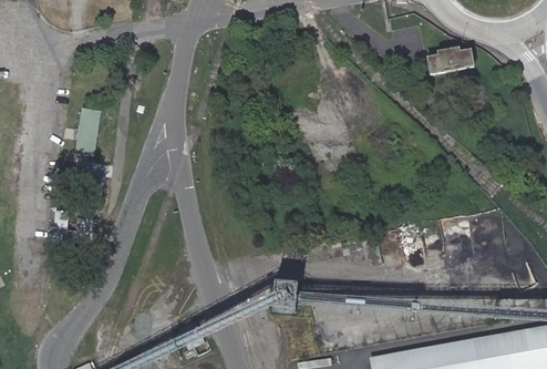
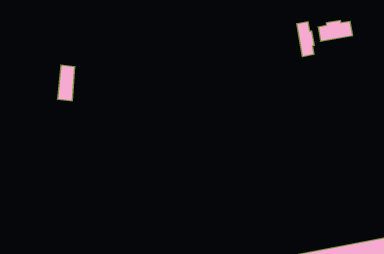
building: none -> [297,22,314,57]

